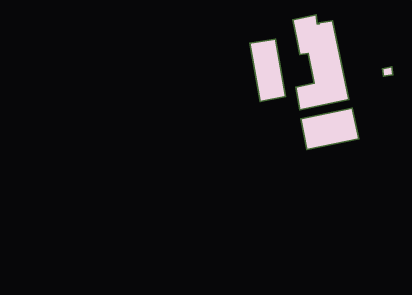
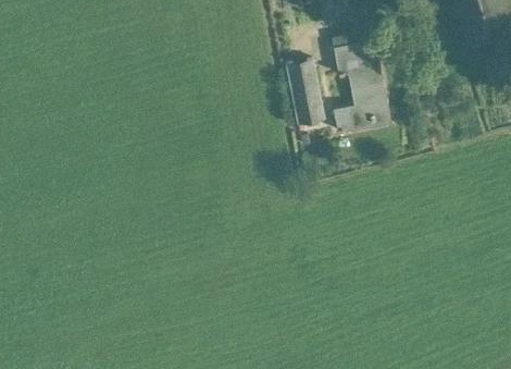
building: [301,108,359,150] -> none

